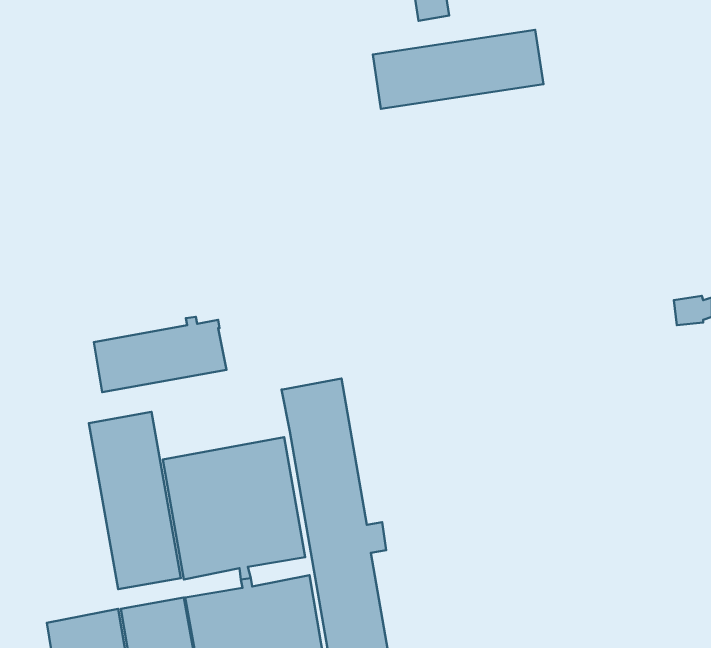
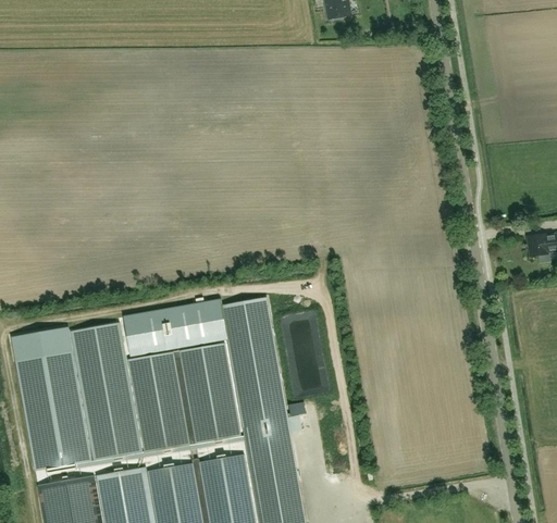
building: [373,30,543,109] -> none
building: [94,317,226,392] -> [123,297,226,356]
building: none -> [10,328,91,471]

